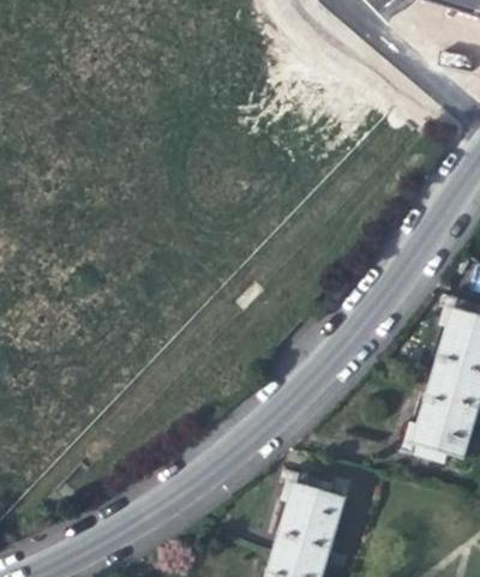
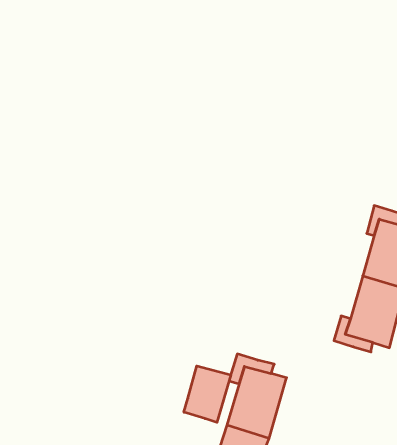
building: none -> [184,366,231,422]

